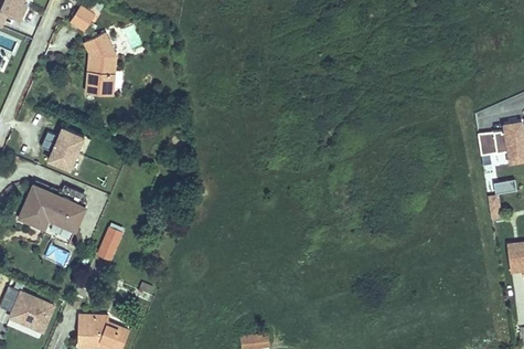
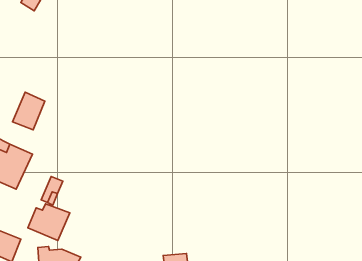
building: [81,29,114,96] -> none
building: none -> [28,204,70,241]

